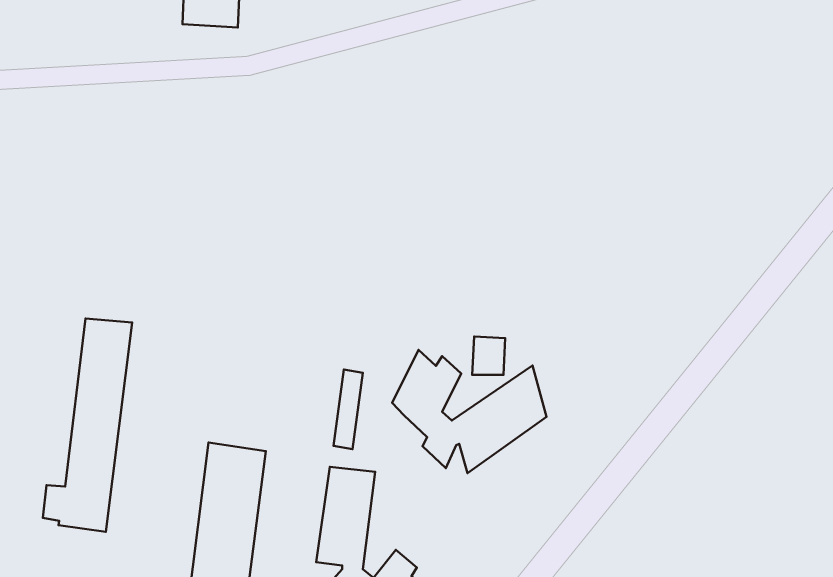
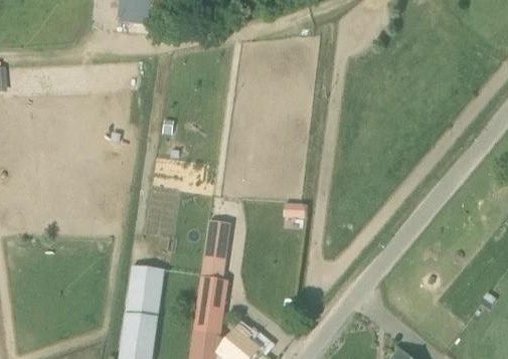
building: [43,319,132,532] -> none
building: [392,350,547,473] -> none

